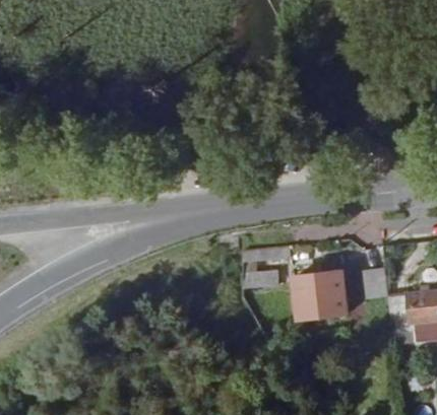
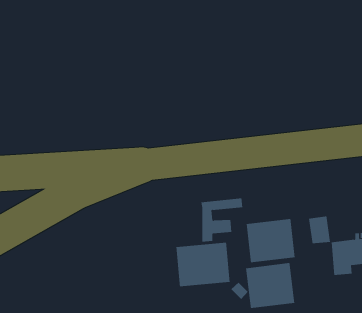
building: none -> [176,242,230,287]
building: none -> [246,262,295,309]

